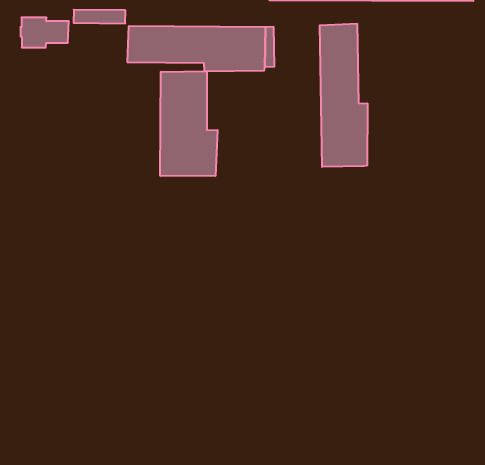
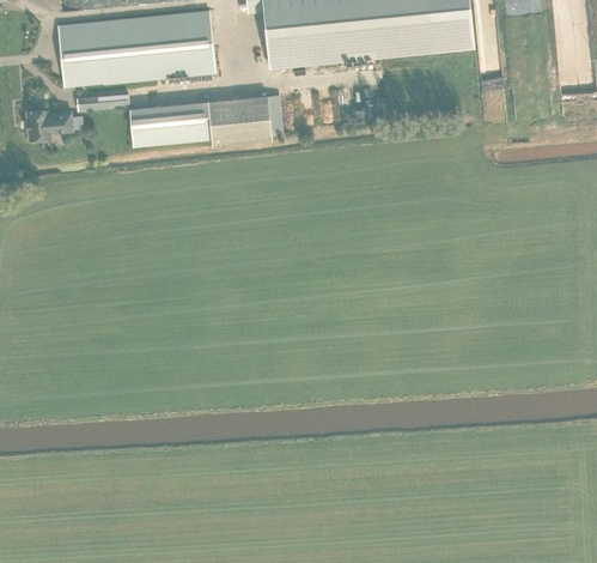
building: [320,24,367,167] -> none
building: [160,71,218,176] -> none

